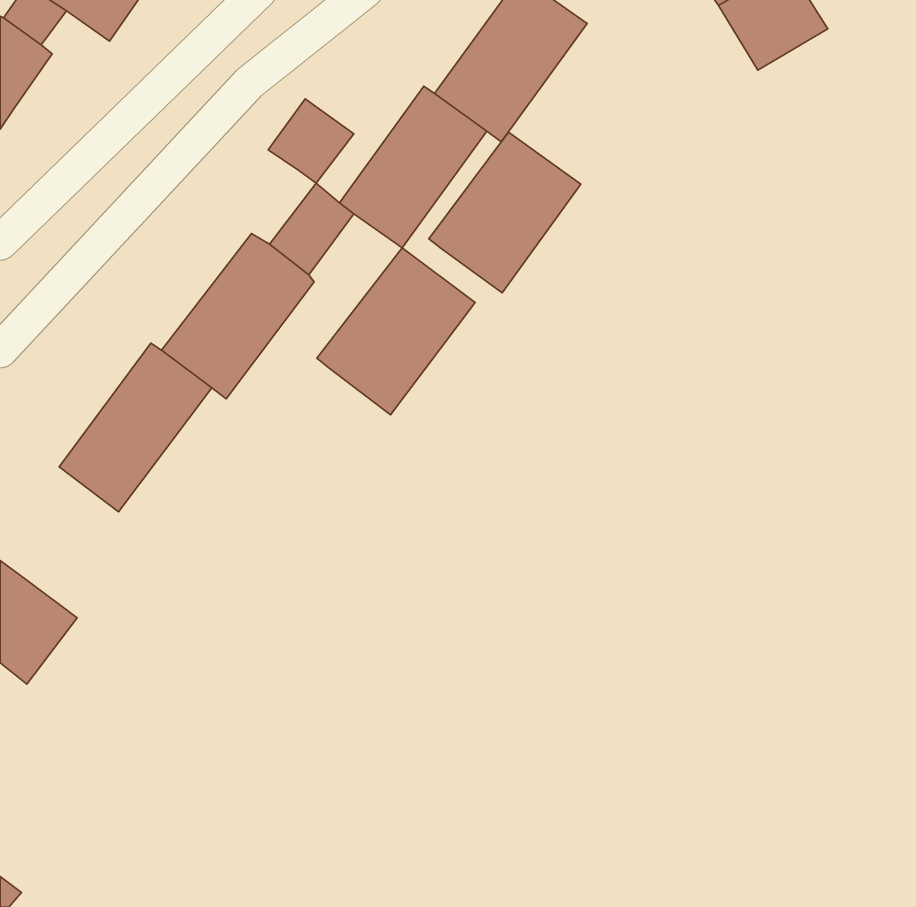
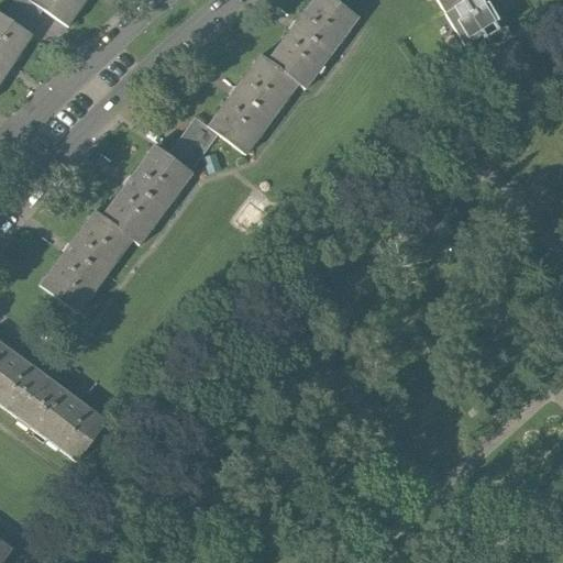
building: [268,99,354,183] -> none
building: [429,132,581,293] -> none
building: [317,248,475,415] -> none
building: none -> [18,378,107,462]

